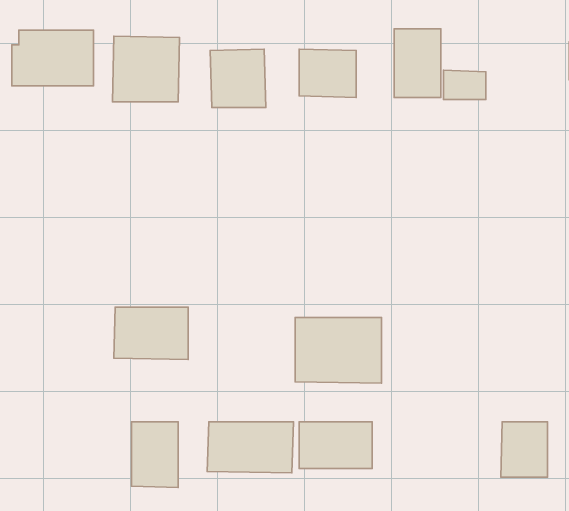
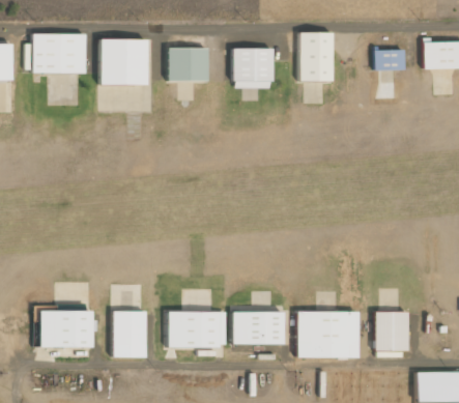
building: [444,70,486,99] -> [375,49,405,69]
building: [114,307,188,360] -> [37,310,90,347]
building: [295,318,381,383] -> [297,311,358,357]

